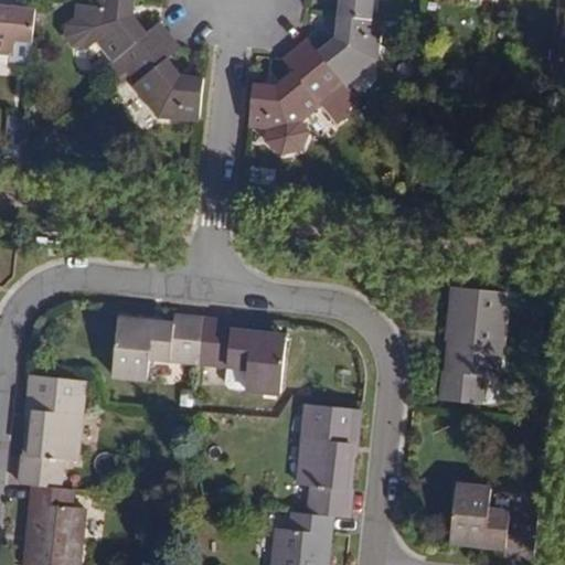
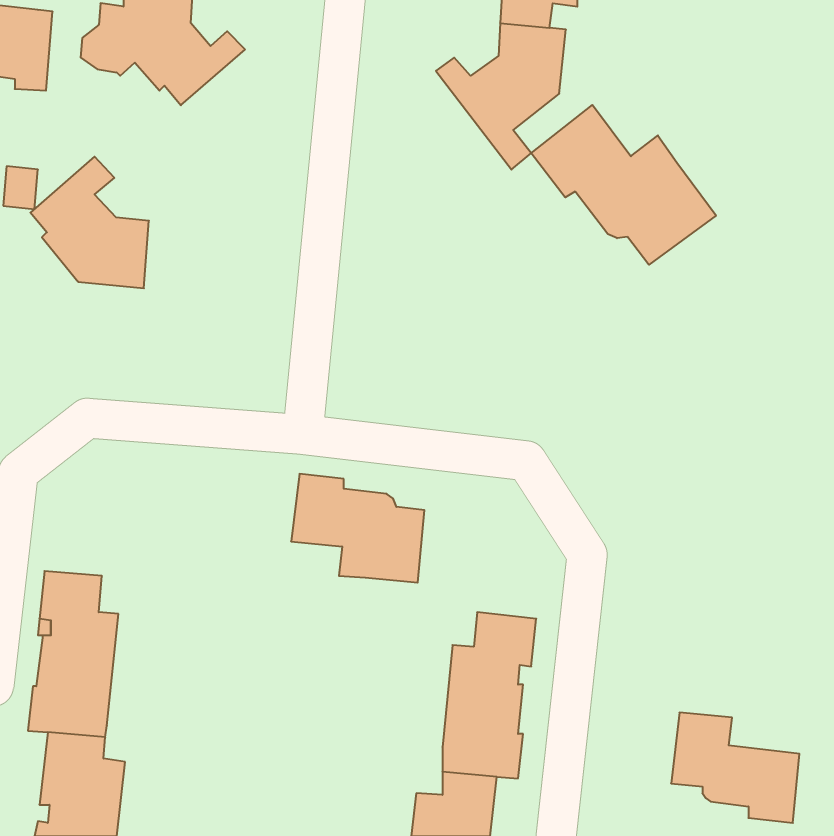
building: [121,33,201,121] -> [30,157,149,288]
building: [246,47,343,153] -> none
building: none -> [531,105,716,265]
building: [441,288,509,405] -> none
building: [111,315,201,377] -> none

